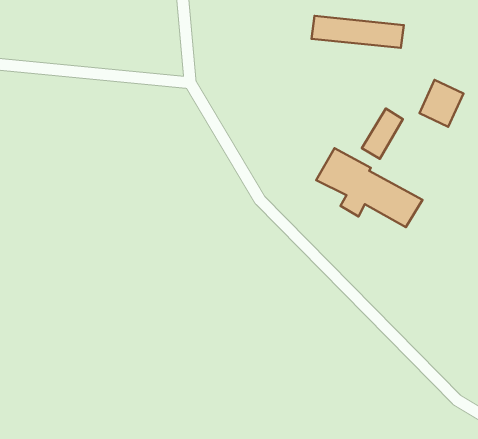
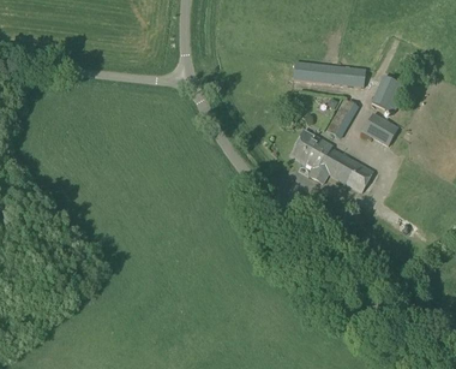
building: [311,16,404,48] -> [292,61,365,87]
building: none -> [361,113,397,145]

